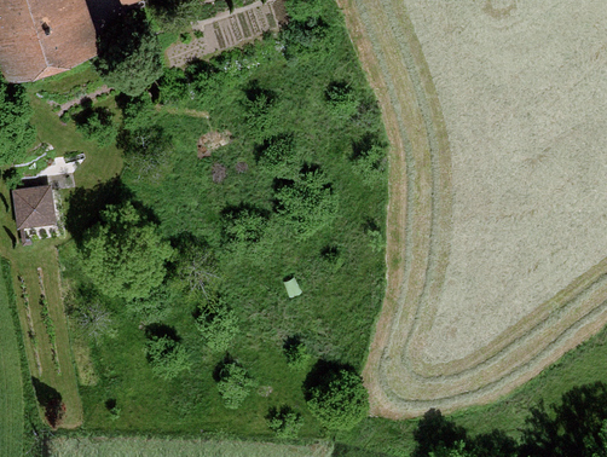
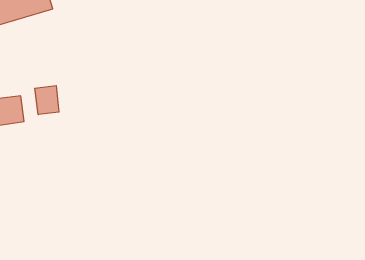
building: none -> [35,86,59,115]

